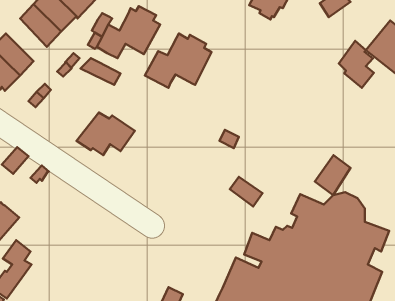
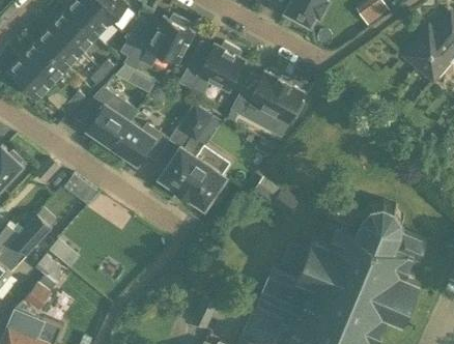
building: none -> [38,26,80,69]
building: [339,41,374,88] -> none
building: none -> [232,73,303,128]
building: none -> [81,88,139,150]
building: none -> [161,104,227,206]
building: [315,155,350,195] -> none

